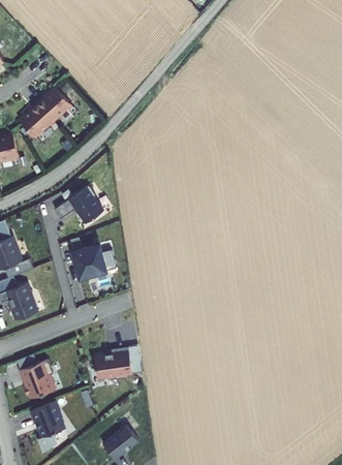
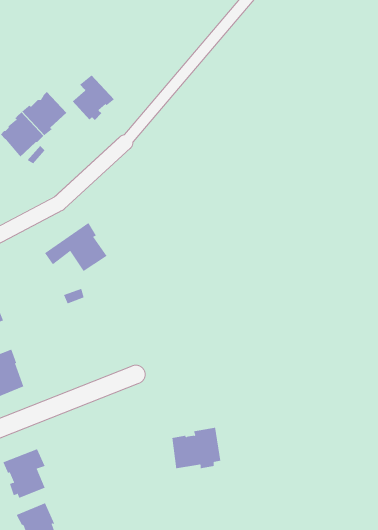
building: none -> [72,75,115,121]
building: [72,245,106,279] -> none
building: [95,348,133,380] -> [171,427,221,469]

